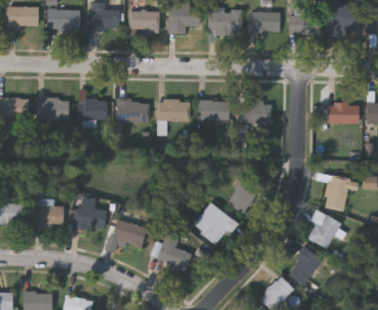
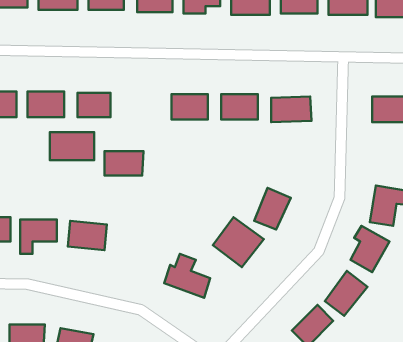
building: [118,102,151,122] -> [105,151,143,175]
building: none -> [50,132,94,160]
building: [111,219,147,248] -> none

